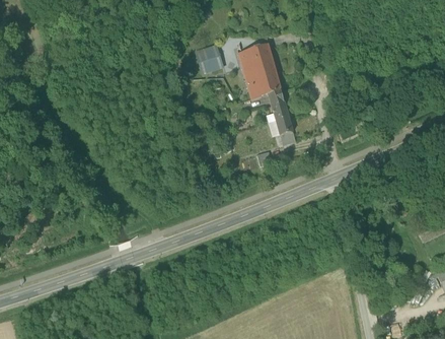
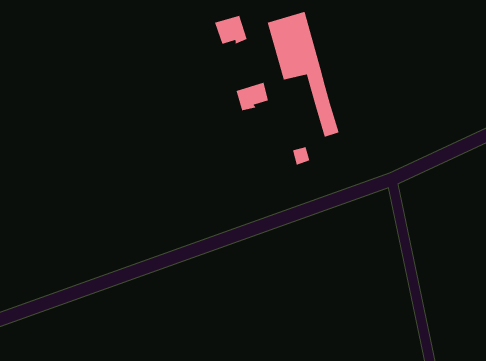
building: none -> [236,82,268,111]

